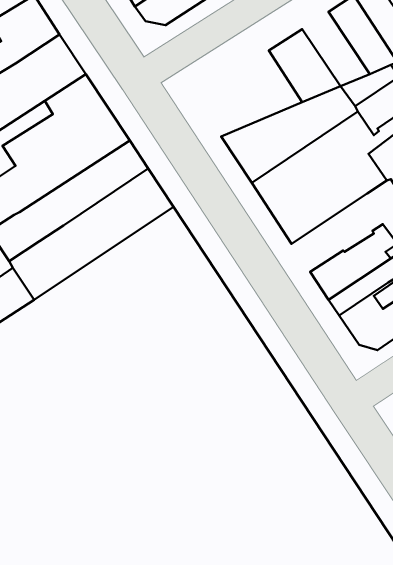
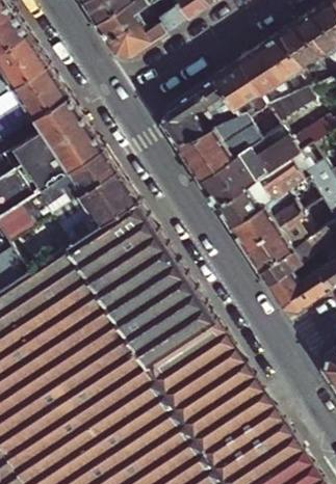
building: none -> [238,47,291,105]
building: none -> [161,77,238,144]
building: none -> [230,189,304,250]

